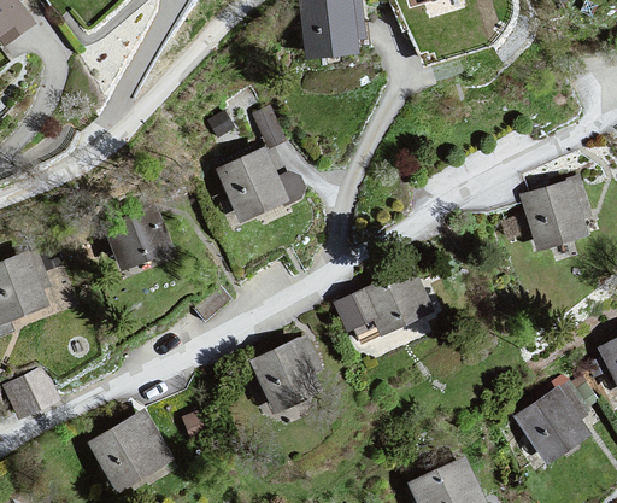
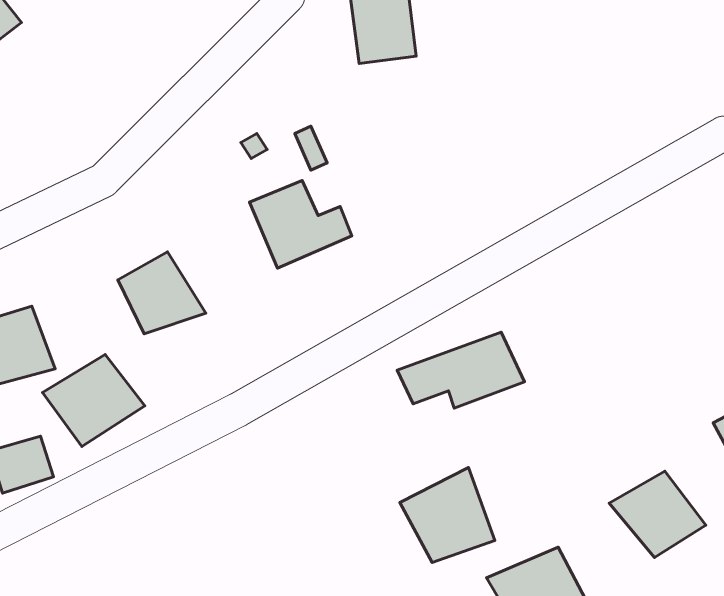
building: [523,181,584,244] -> none
building: [251,337,329,415] -> [400,468,495,563]
building: [90,411,175,487] -> [42,355,145,447]

